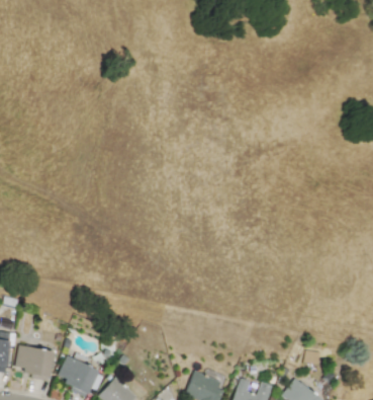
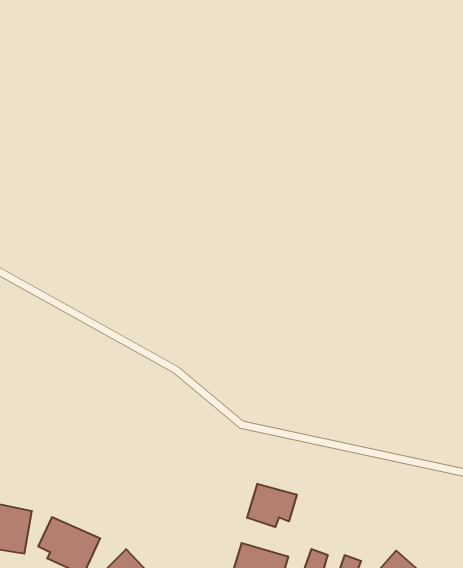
building: none -> [247,484,297,527]

